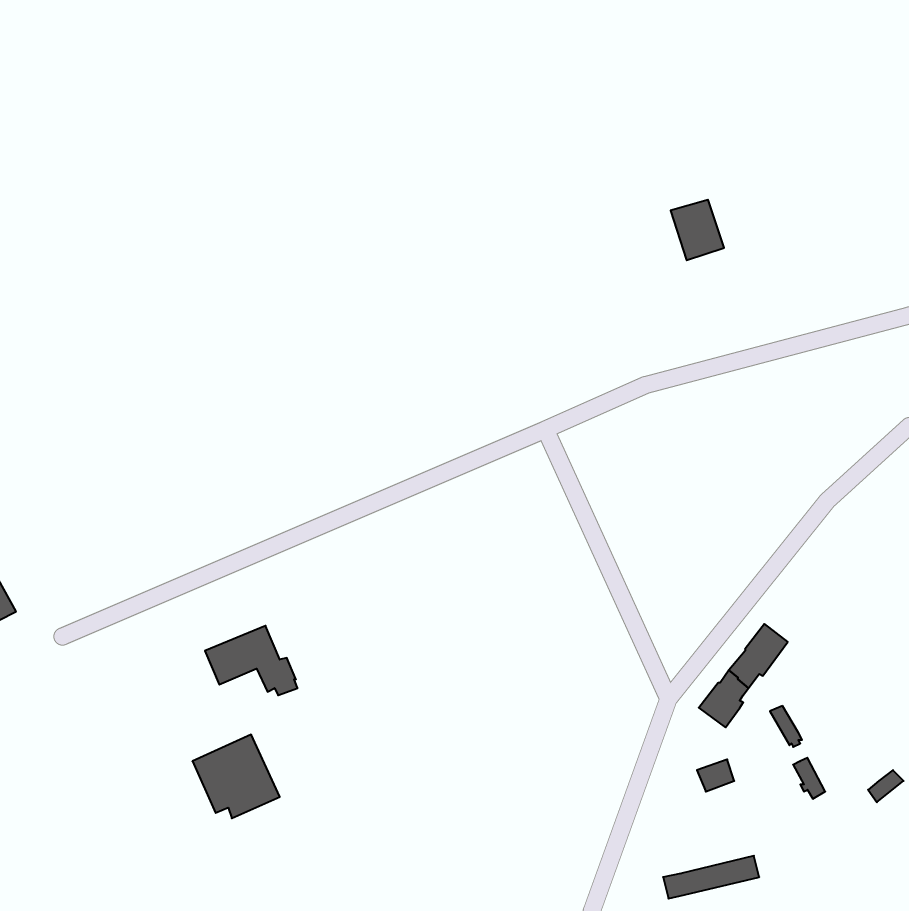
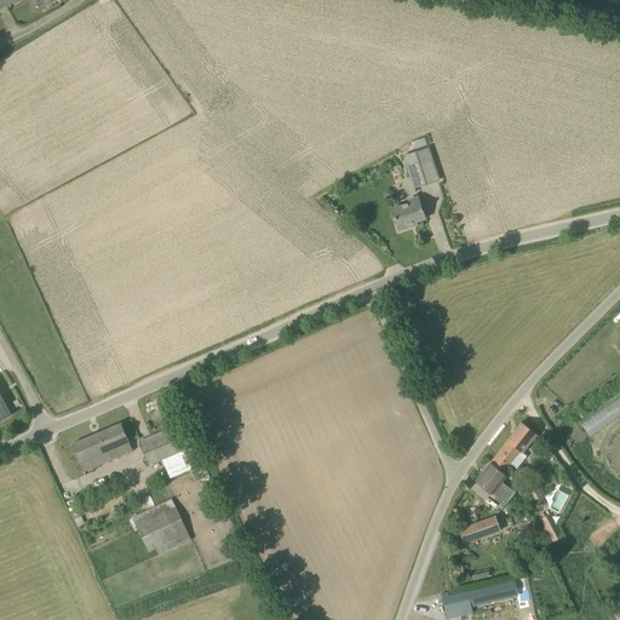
building: [671,200,724,260] -> [402,148,438,189]
building: none -> [390,197,424,231]
building: none -> [70,424,127,472]

